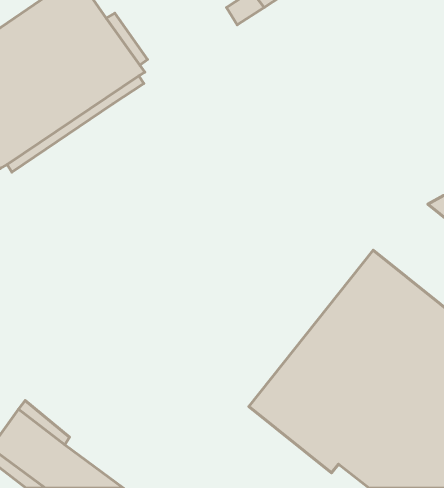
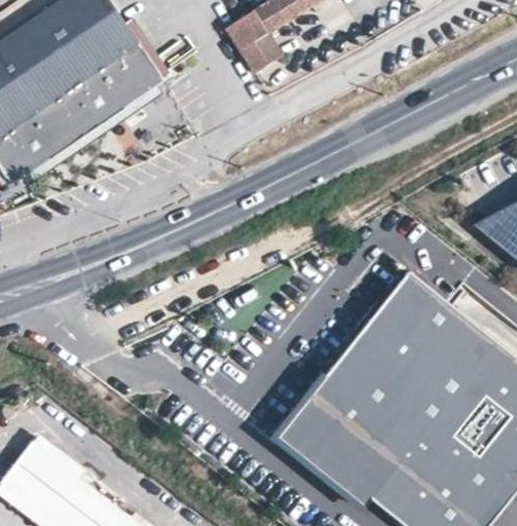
building: none -> [226,12,280,73]

